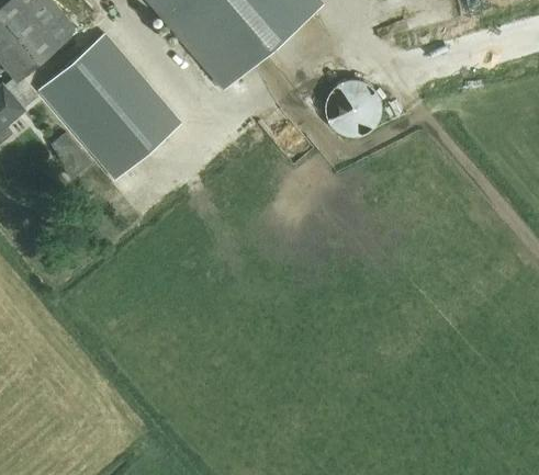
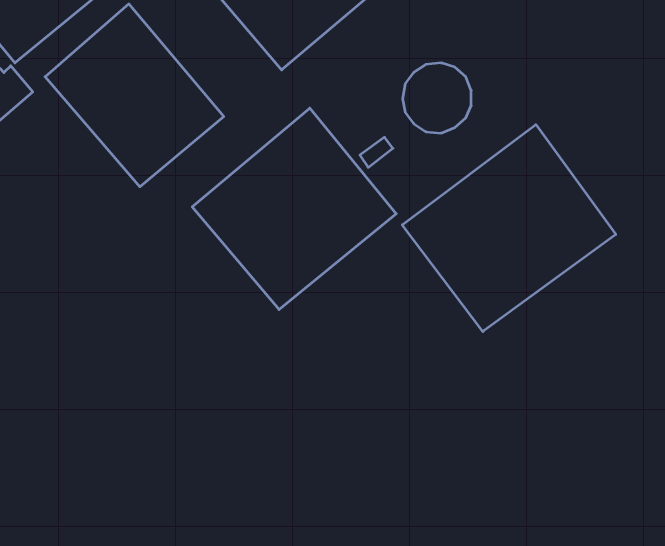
building: none -> [192,108,396,310]
building: none -> [402,125,616,332]

